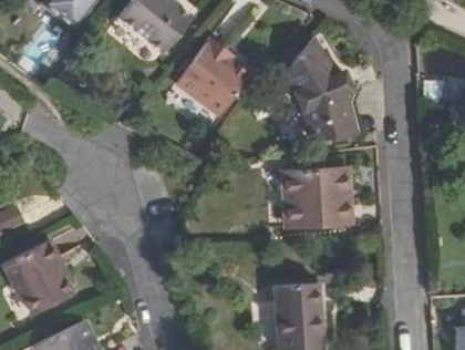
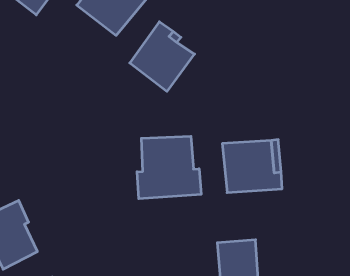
building: [282,39,354,143] -> none
building: none -> [137,136,201,199]

